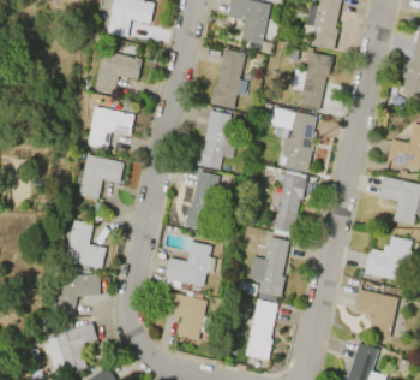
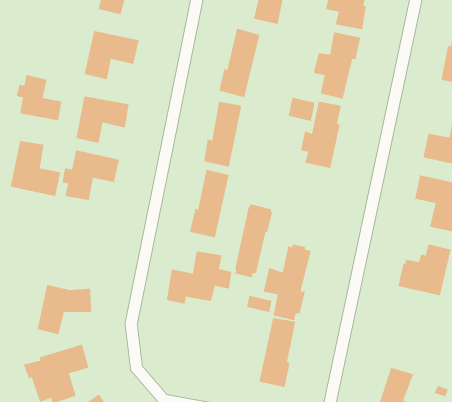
building: none -> [16,74,62,121]
building: [274,171,307,236] -> [234,203,273,278]
building: [62,220,107,269] -> [10,140,61,197]
building: [355,289,398,338] -> none
building: [164,292,211,340] -> none

